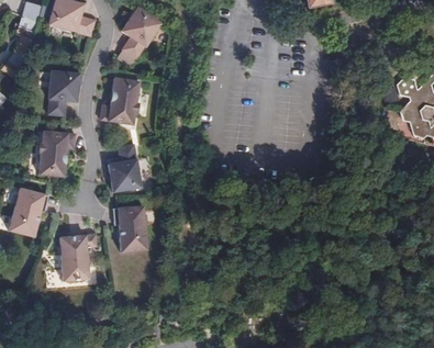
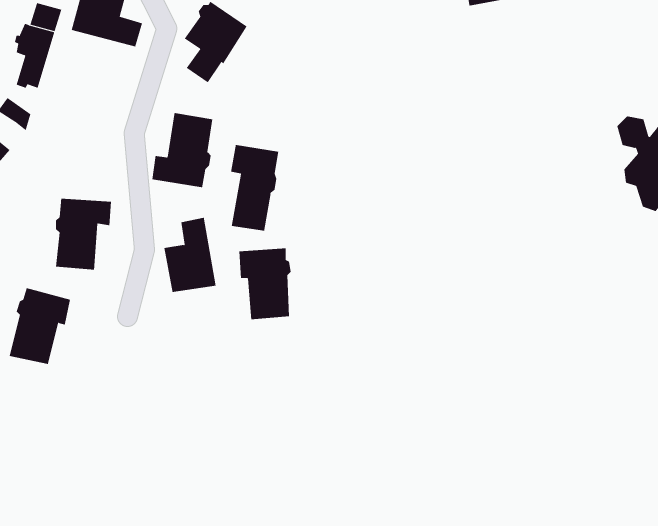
building: [48,68,82,114] -> none
building: none -> [230,144,279,232]
building: [114,204,148,250] -> [238,248,292,320]
building: [59,234,92,281] -> none

